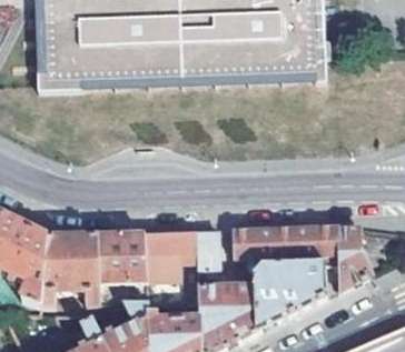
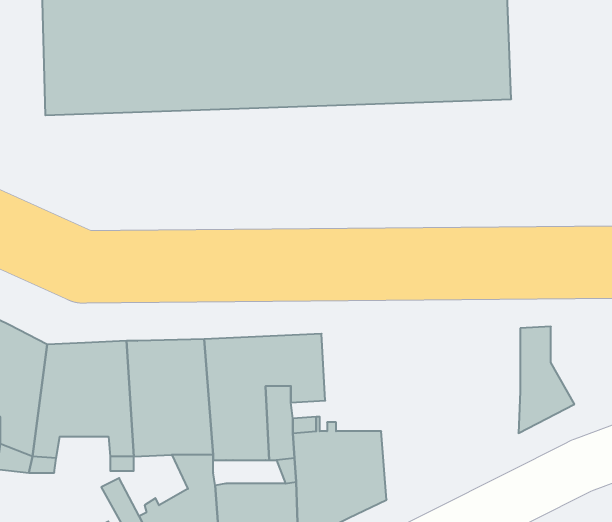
building: [227,221,335,253] -> none
building: [249,261,324,326] -> none

